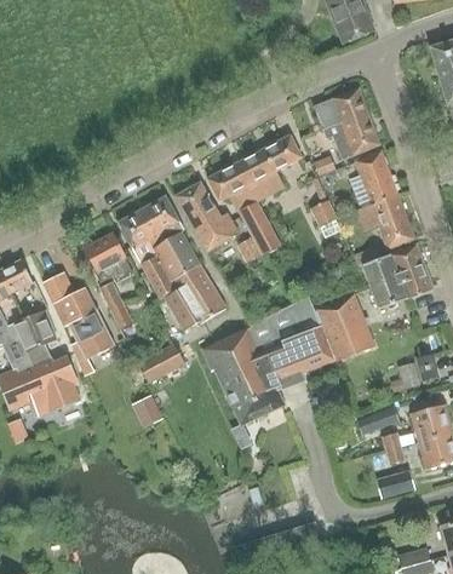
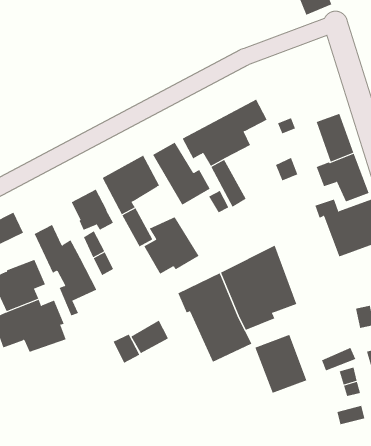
building: [314,87,379,160] -> none
building: [153,231,200,277] -> none
building: [316,294,374,360] -> [255,334,307,394]
building: [139,341,182,379] -> [130,320,169,354]

